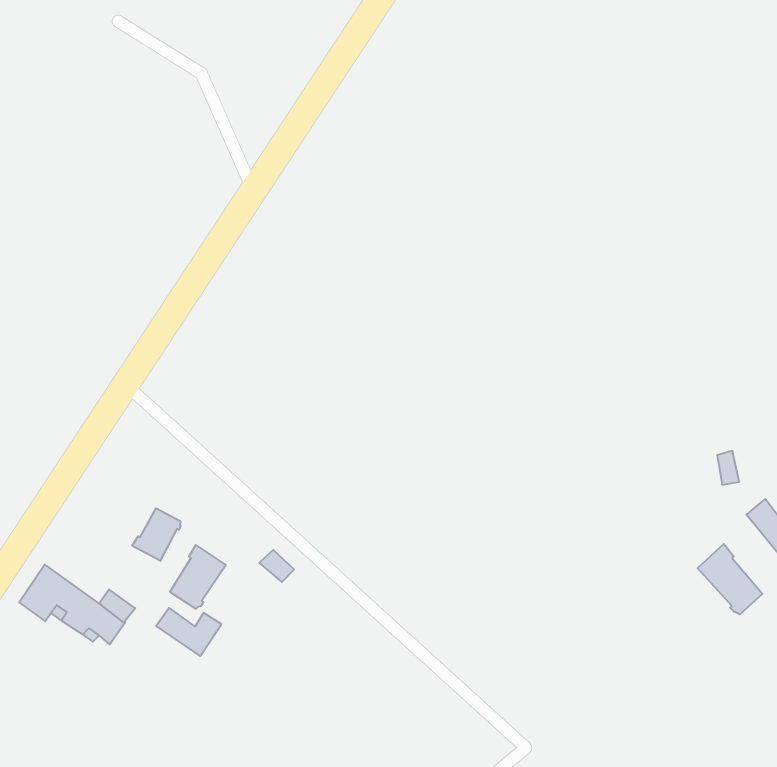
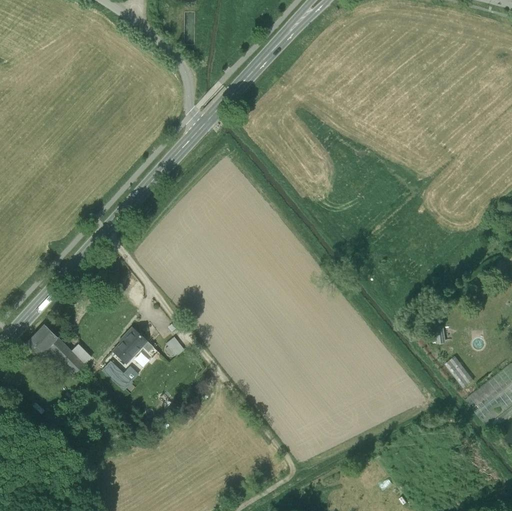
building: [132,508,181,561] -> none
building: [698,544,762,614] -> none

